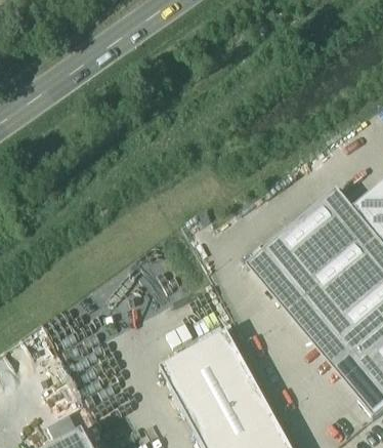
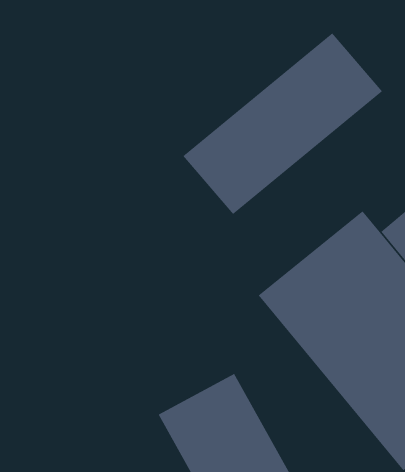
building: none -> [183,32,383,215]

